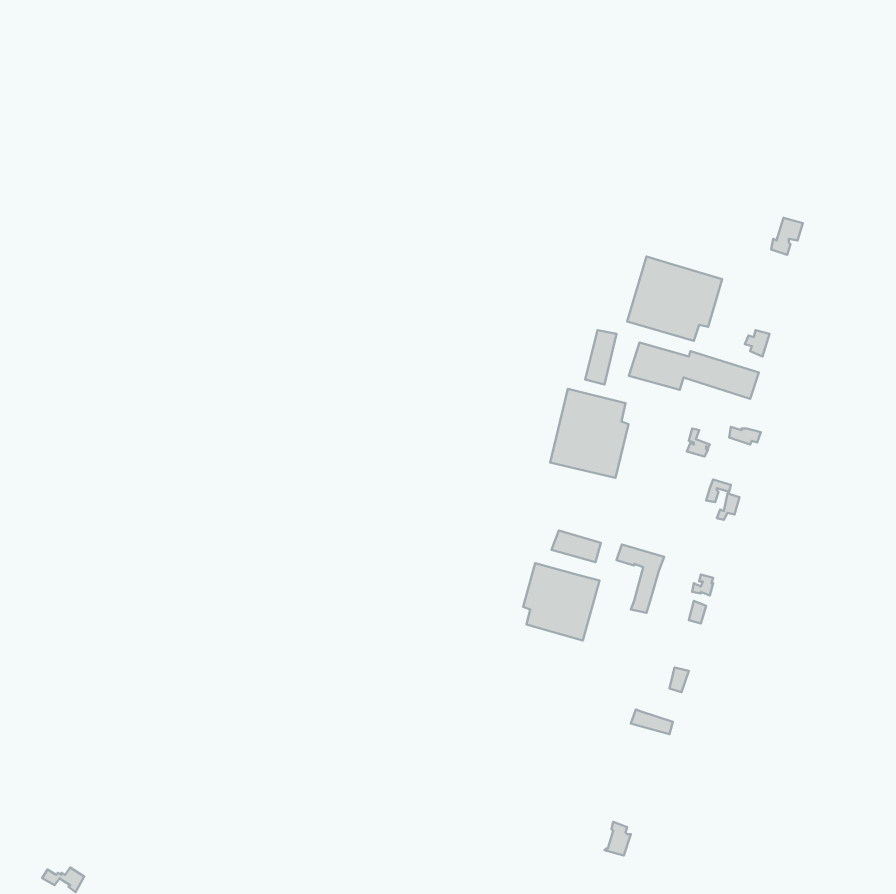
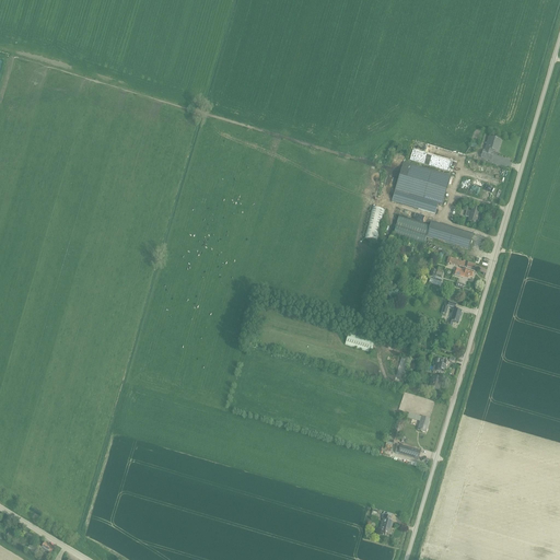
building: [550,389,629,478] -> none
building: [523,563,599,641] -> none

